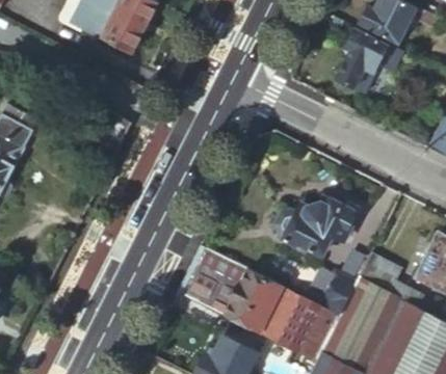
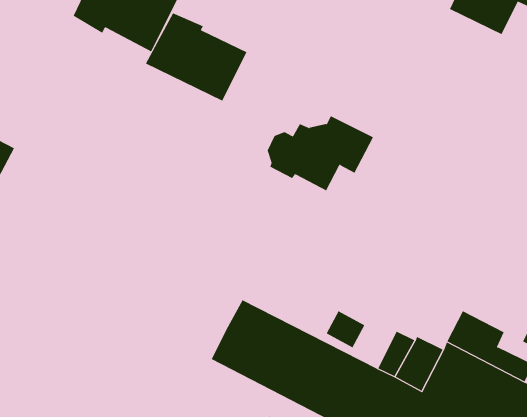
building: none -> [145,13,247,101]
building: [338,27,409,94] -> none
building: [277,195,359,253] -> [267,115,374,191]

